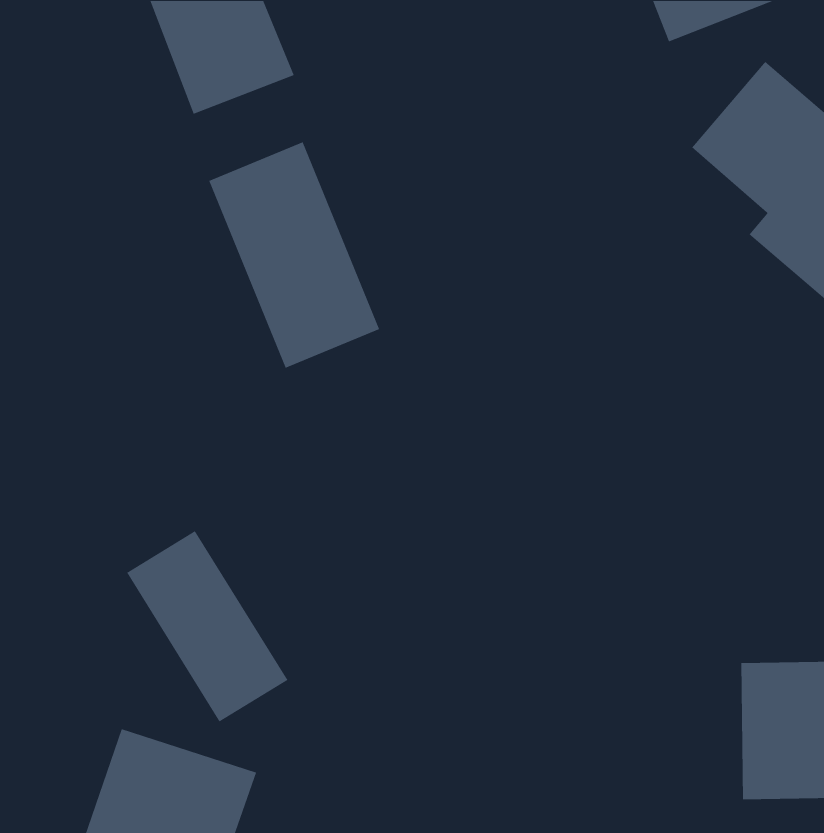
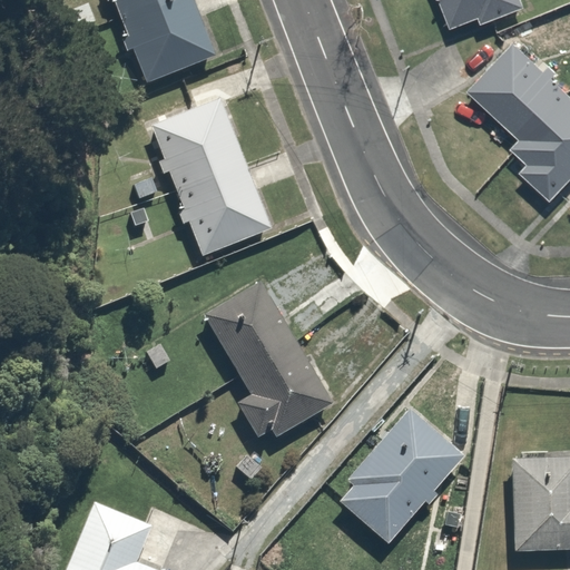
building: none -> [208,287,334,446]
building: [126,530,288,723] -> none
building: none -> [332,402,468,547]

